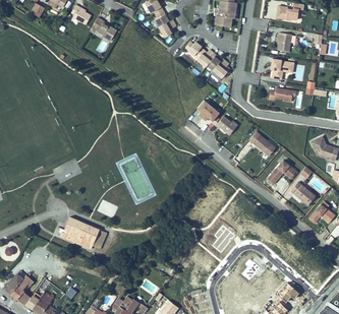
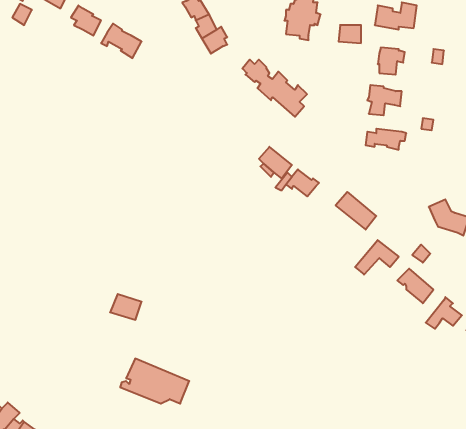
building: [59,216,106,247] -> [120,359,189,404]

